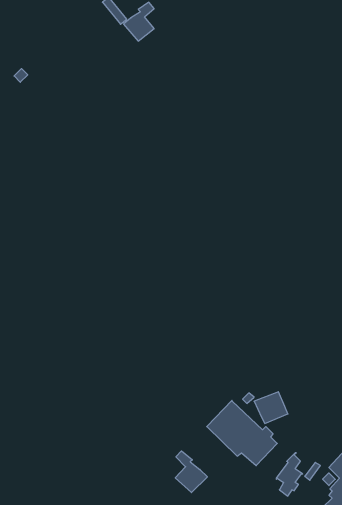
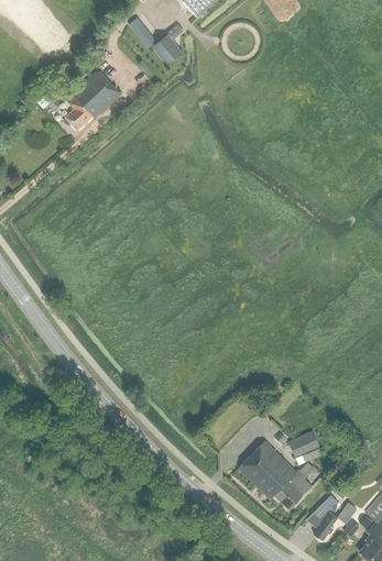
building: none -> [64,70,119,130]
building: [175,451,207,493] -> none

